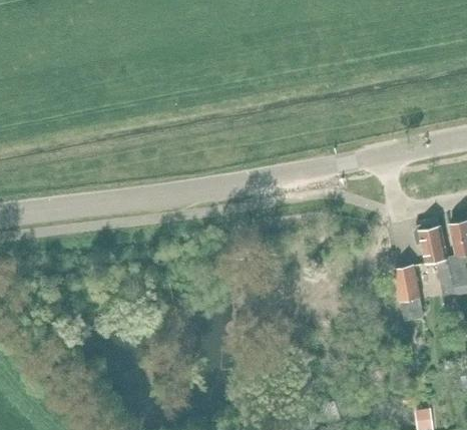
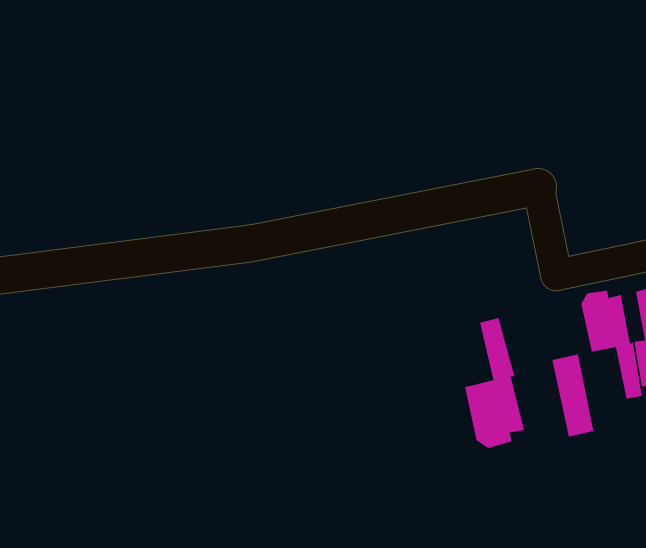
building: none -> [465,317,524,449]

